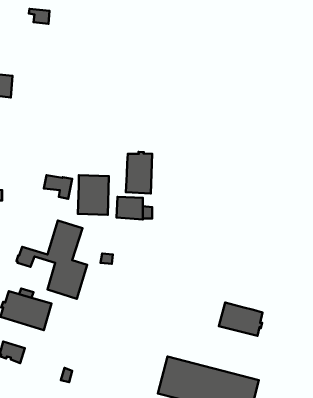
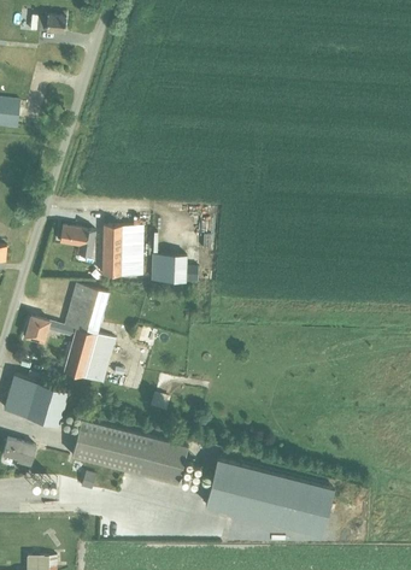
building: [126,152,152,193] -> none
building: [219,303,263,336] -> none
building: none -> [72,419,187,484]

